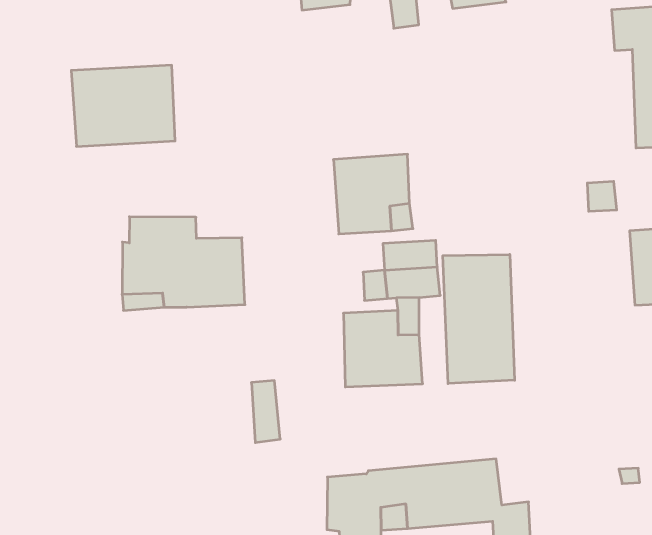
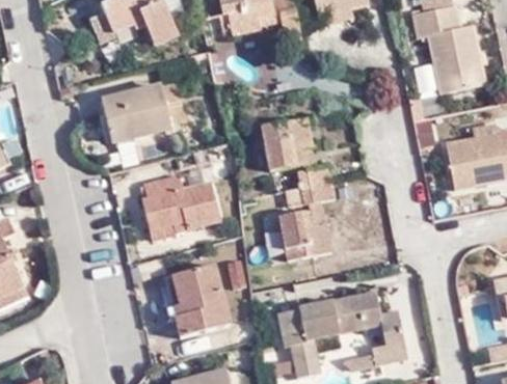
building: [443,254,515,384] -> none
building: none -> [178,266,232,335]

